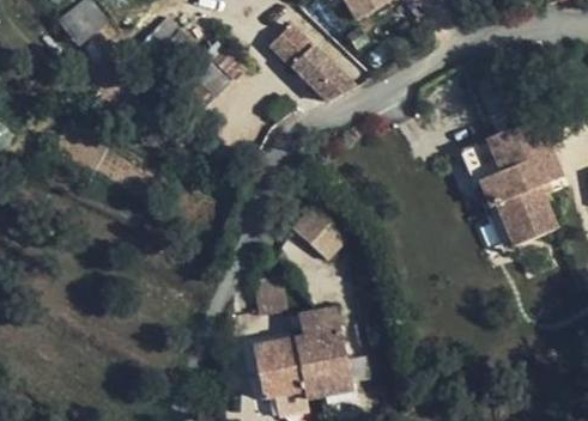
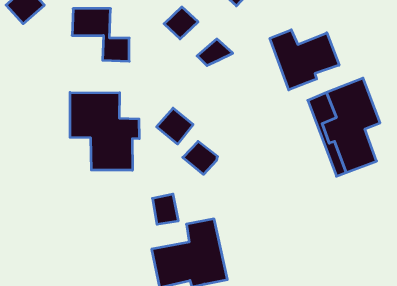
building: [291,42,340,87] -> none
building: none -> [270,30,339,90]
building: none -> [70,92,139,170]
building: none -> [157,108,193,144]

